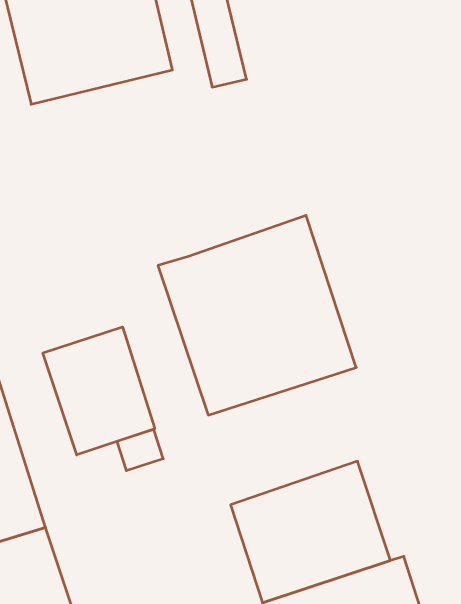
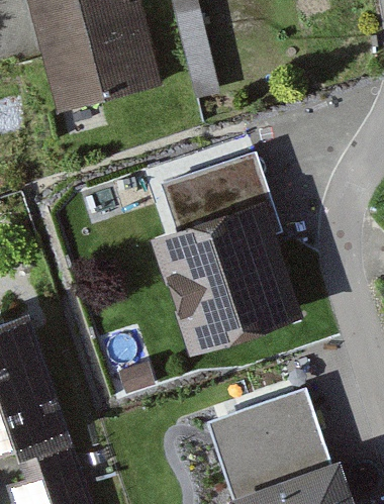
building: none -> [160,152,271,229]
building: [43,327,155,455] -> none

